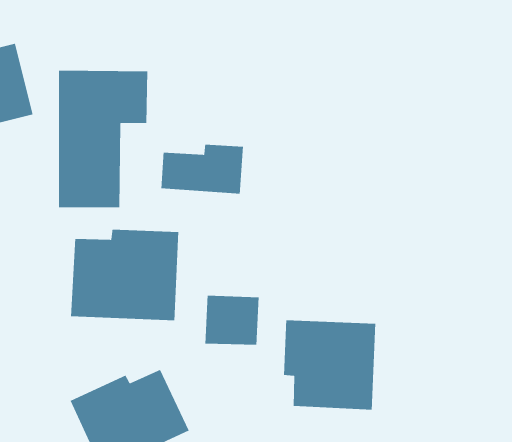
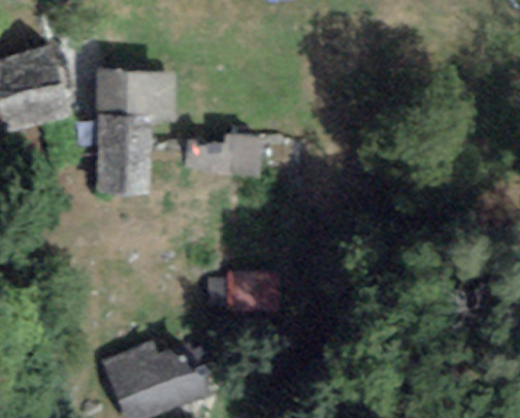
building: [70,229,179,321] -> none
building: [283,319,376,411] -> none

